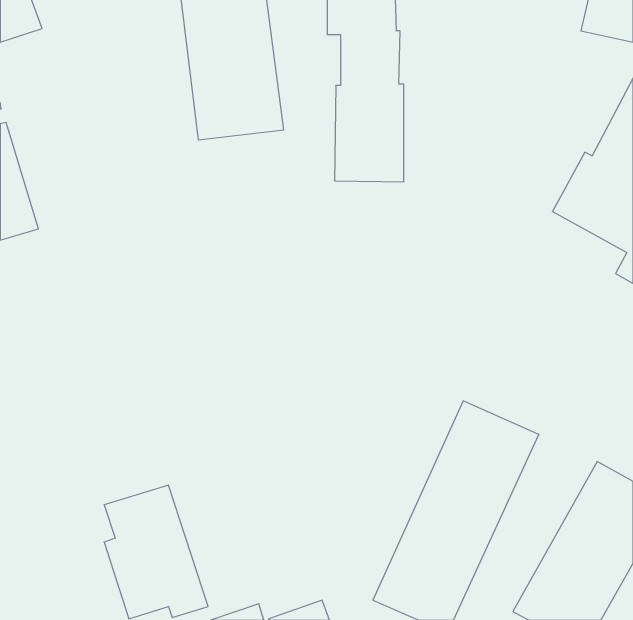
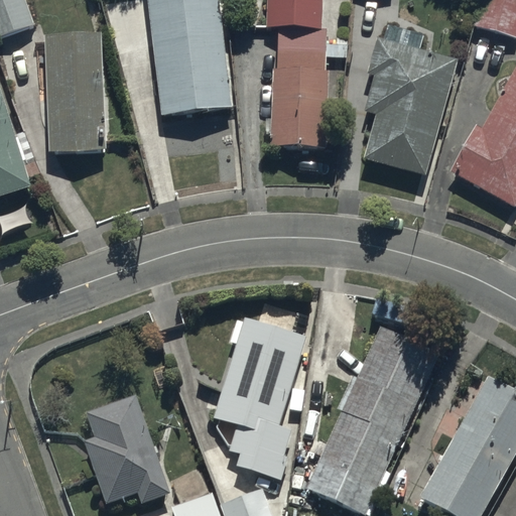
building: none -> [364,25,457,196]
building: none -> [47,35,107,152]
building: none -> [214,316,305,479]

